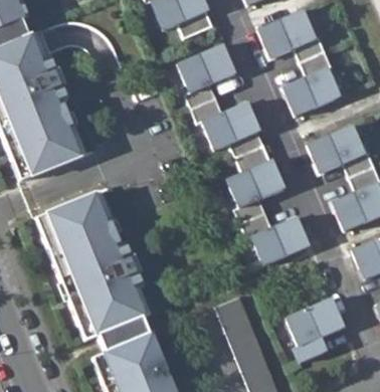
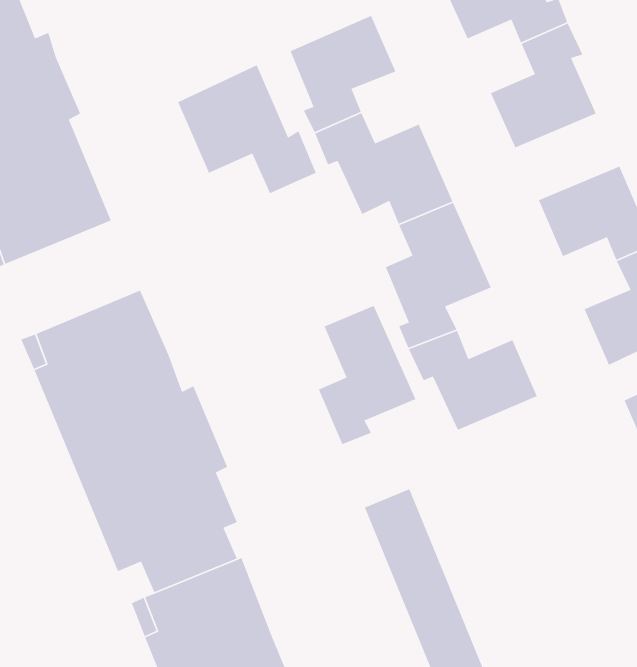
building: none -> [177,64,317,194]
building: none -> [318,305,416,445]
building: [288,297,344,362] -> none

